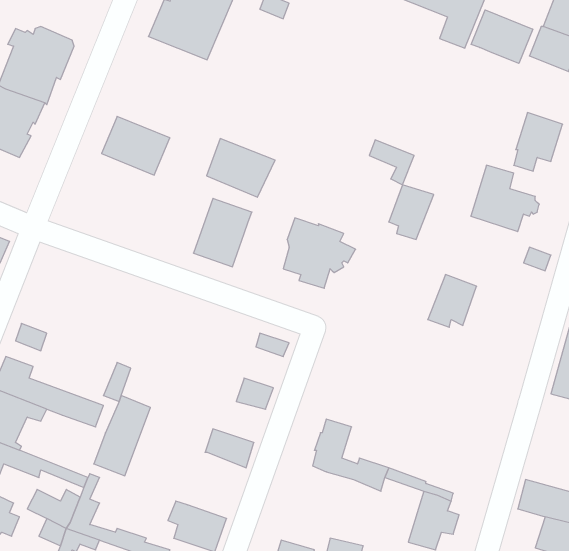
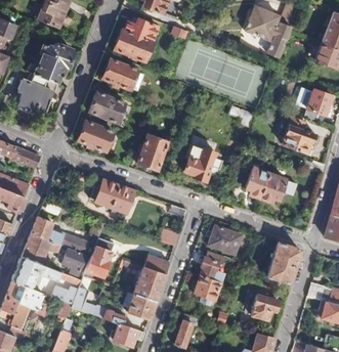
building: [471,10,533,63] -> none
building: [207,139,275,197] -> [102,59,138,90]
building: none -> [77,122,113,152]
building: [389,185,434,239] -> [246,169,269,197]
building: none -> [91,179,135,214]
building: none -> [208,225,242,254]
building: none -> [264,240,299,283]
building: none -> [61,248,86,275]
building: none -> [125,261,165,302]
building: none -> [194,274,221,305]

